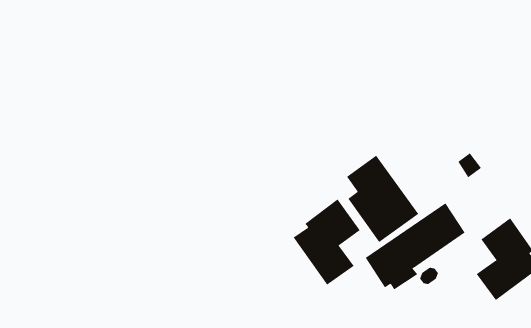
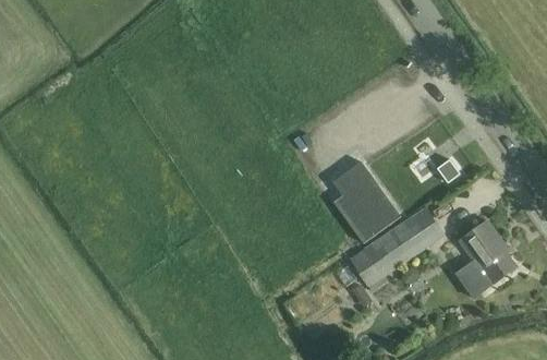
building: [293,199,360,285] -> none

